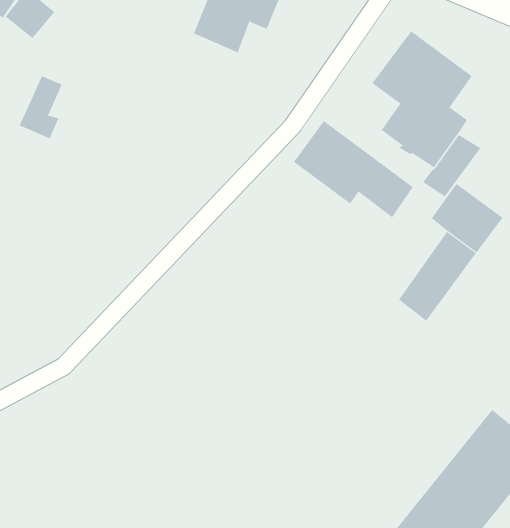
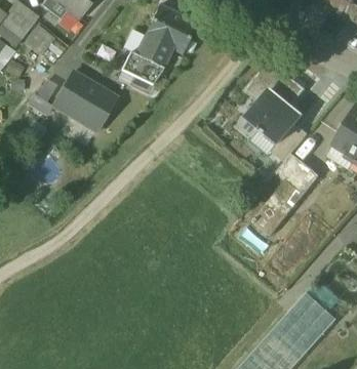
building: none -> [128,64,160,95]
building: none -> [52,72,116,131]
building: [293,120,414,218] -> none

